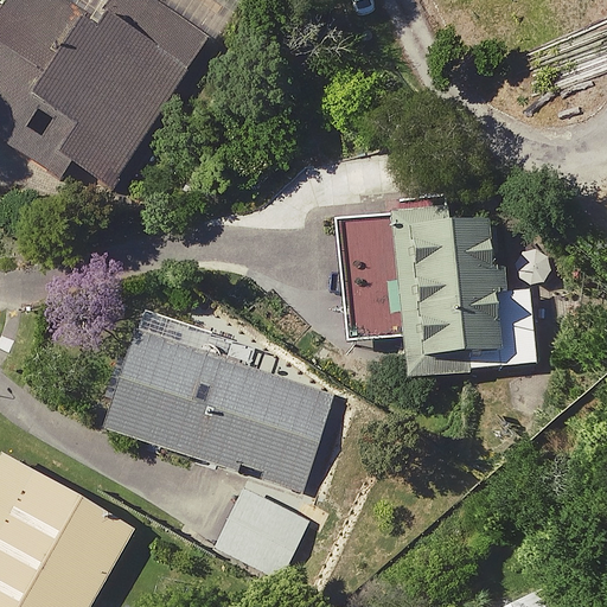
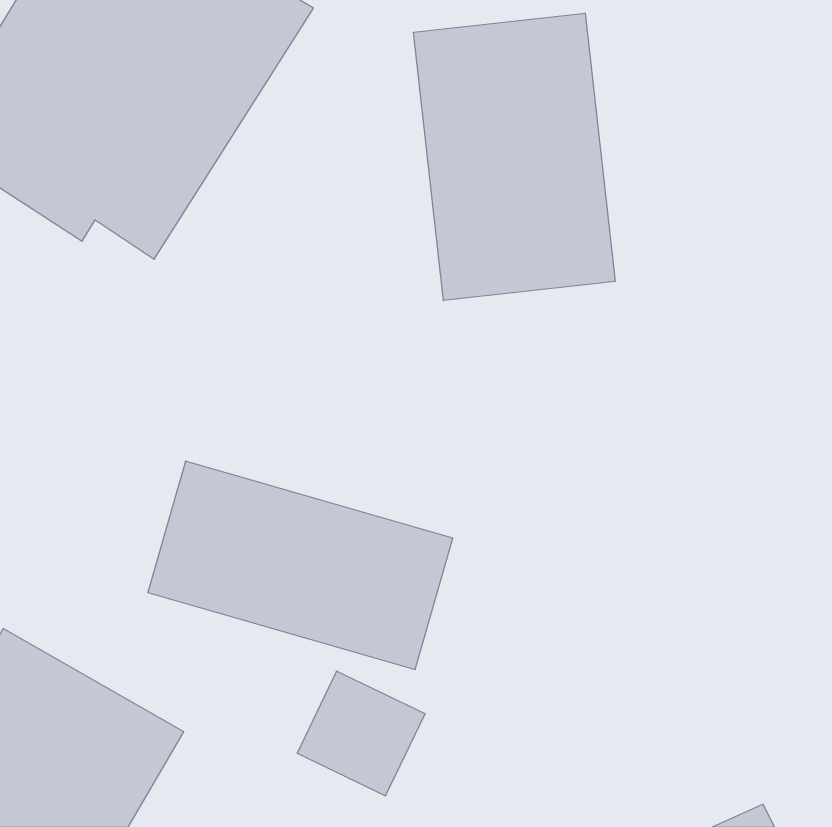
building: none -> [414,13,615,301]
building: [338,216,535,377] -> none

